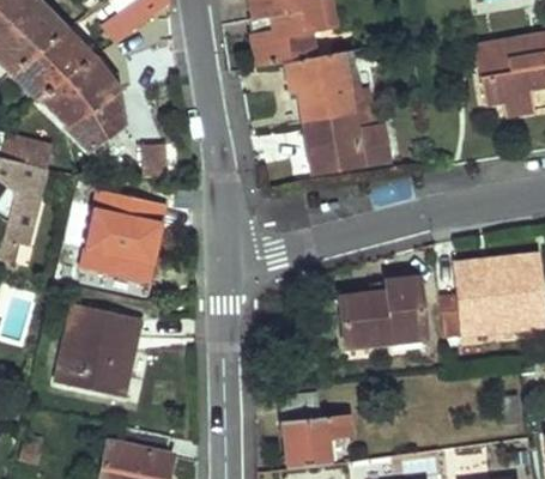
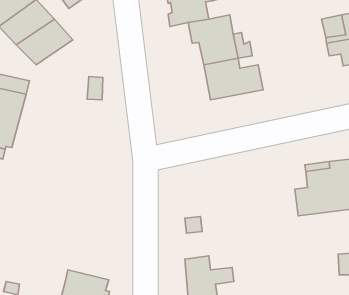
building: [68,87,125,148] -> none
building: [78,188,168,283] -> none
building: [340,280,424,353] -> none
building: [53,303,143,396] -> none

